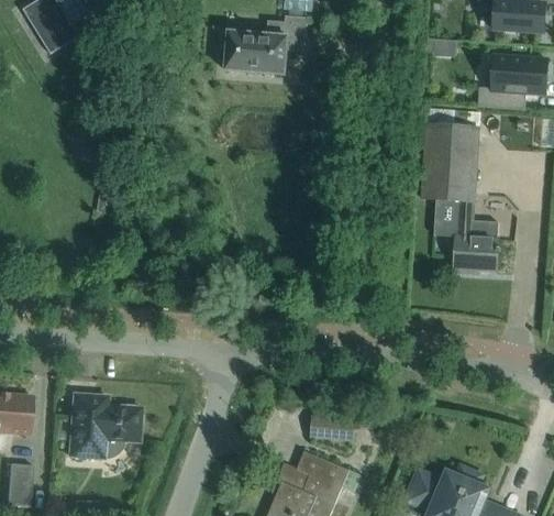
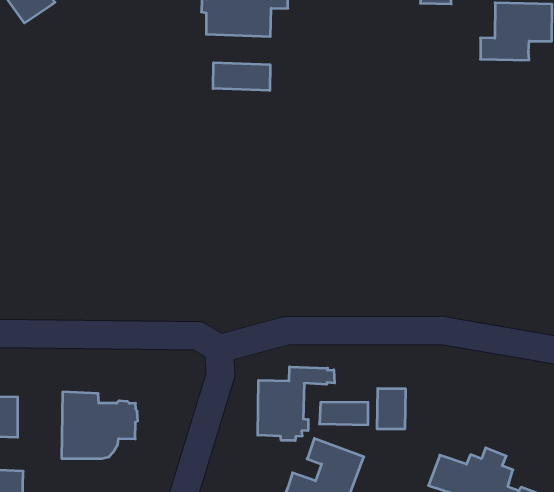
building: none -> [213,63,270,91]
building: [421,124,499,272] -> none
building: none -> [258,367,335,441]
building: none -> [377,388,405,429]

